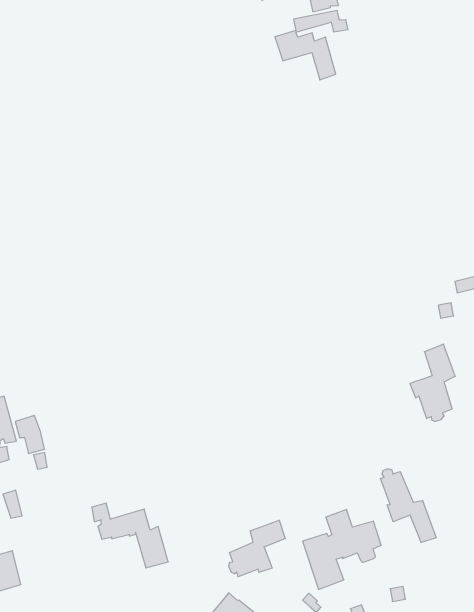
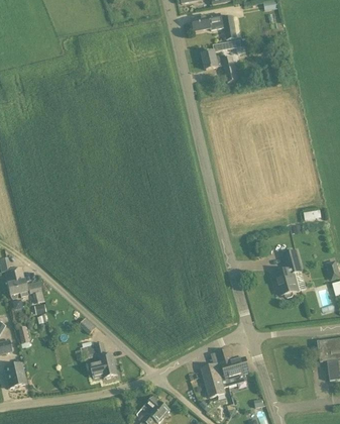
building: [380,469,436,543] -> none
building: [229,520,285,577] -> none

